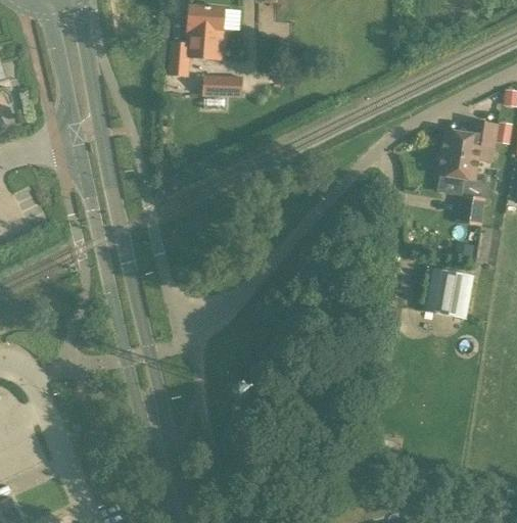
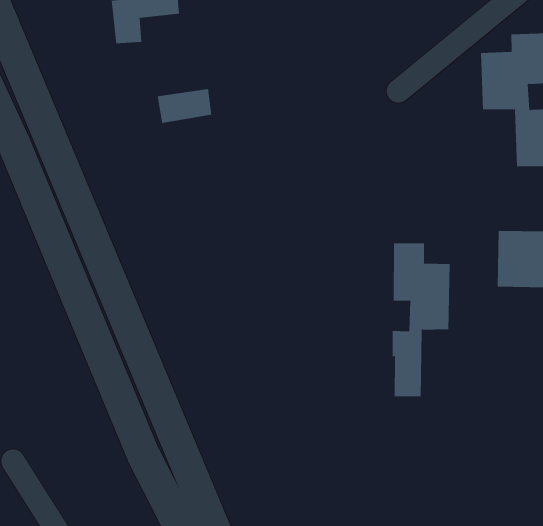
building: [202,75,243,96] -> [157,88,212,124]
building: none -> [392,242,450,397]

